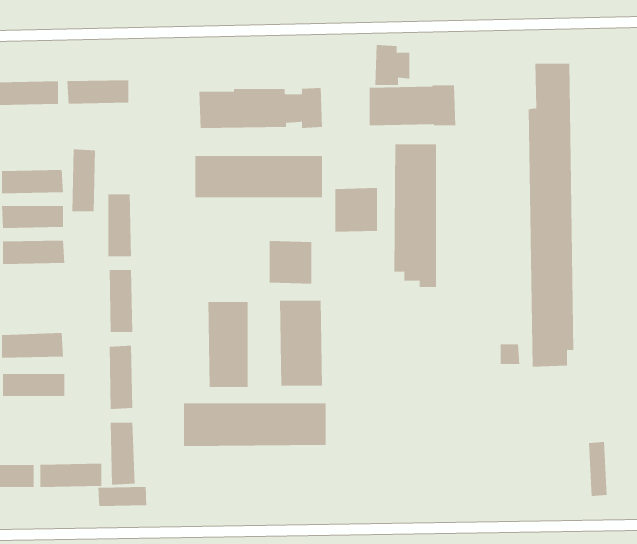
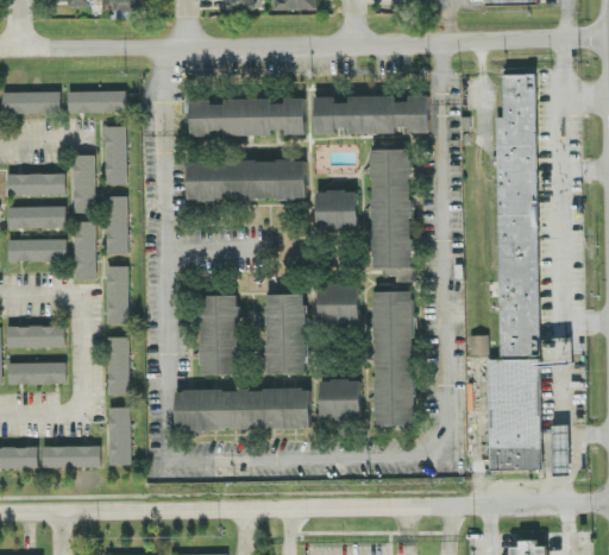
building: [374,44,410,86] -> [314,96,347,134]
building: none -> [105,126,127,184]
building: none -> [74,221,96,280]
building: [269,241,312,284] -> [318,284,358,324]
building: none -> [373,291,413,425]
building: none -> [488,359,541,471]
building: none -> [319,379,360,420]
building: [98,486,147,507] -> none

